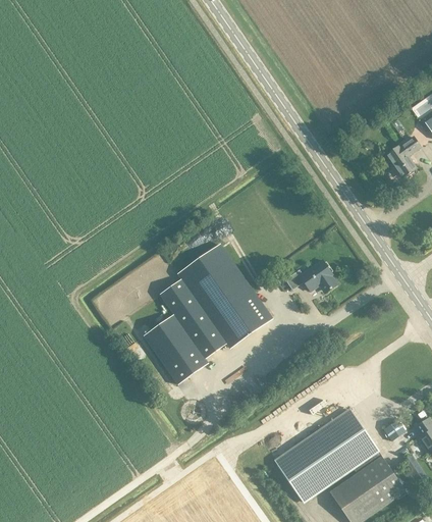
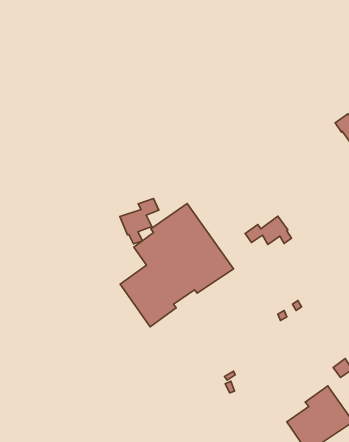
building: none -> [120,198,159,244]
building: [275,409,377,501] -> none

